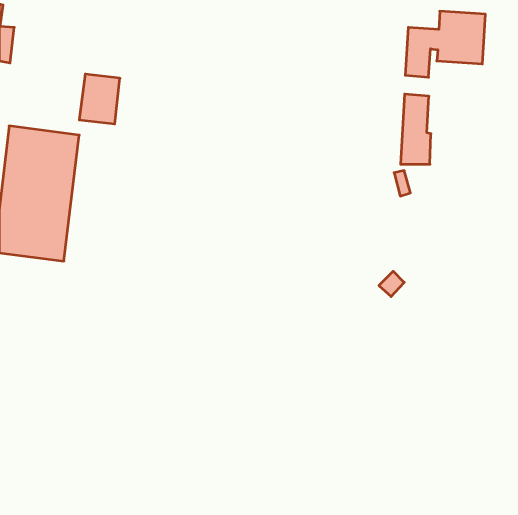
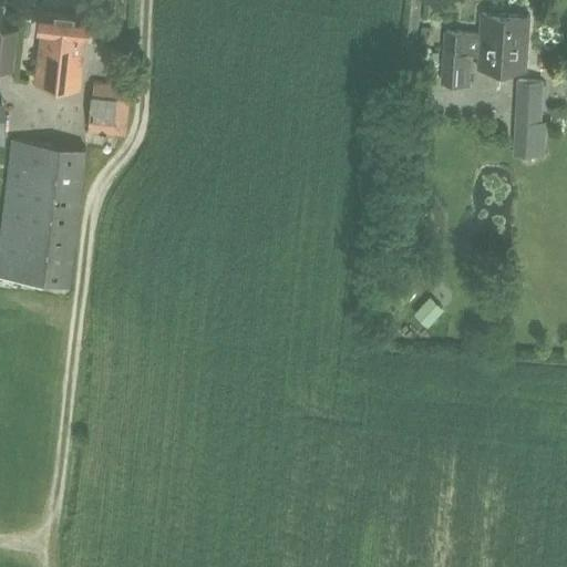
building: none -> [35,16,90,92]
building: [401,94,431,164] -> [512,82,545,158]

